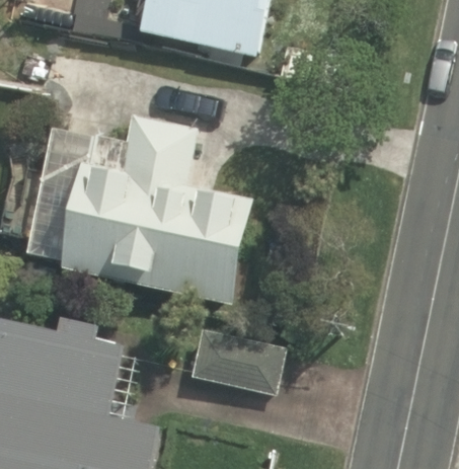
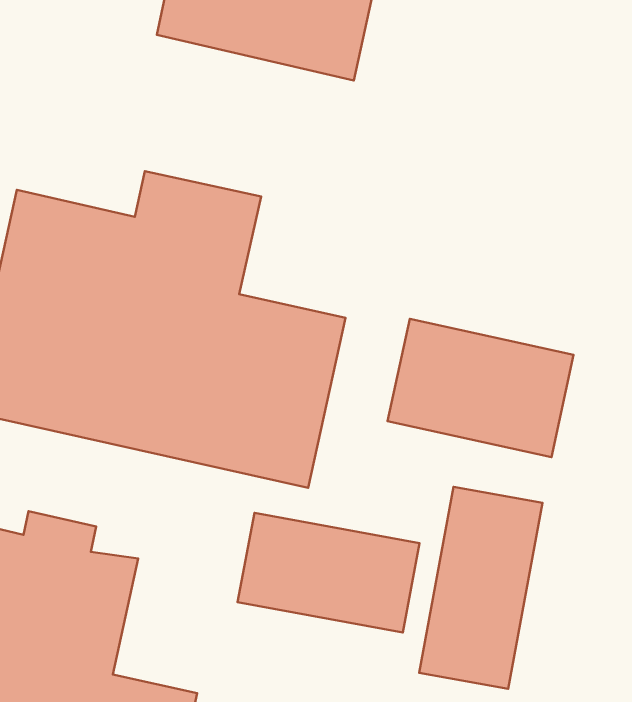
building: none -> [388,319,573,457]
building: none -> [419,487,542,689]

